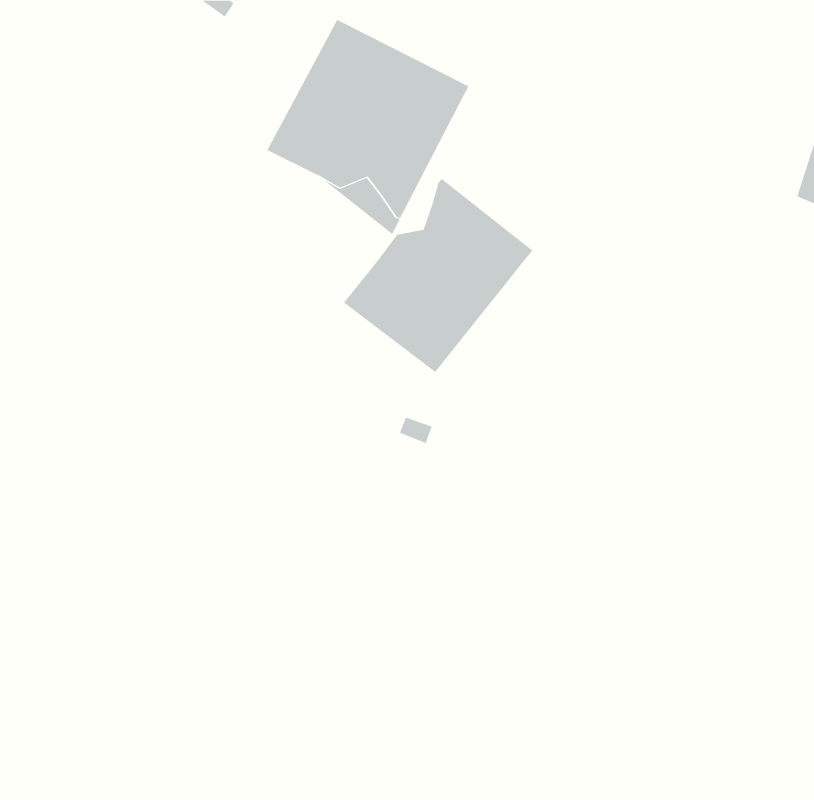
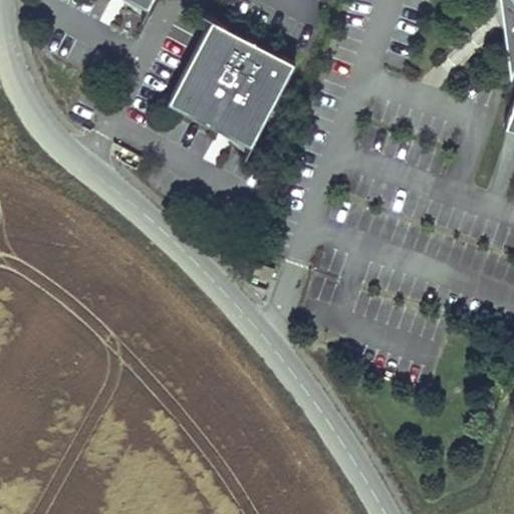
building: [343,178,533,373] -> none

